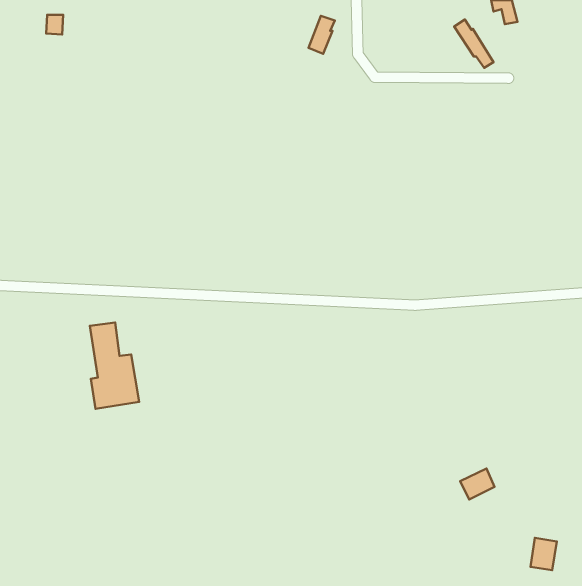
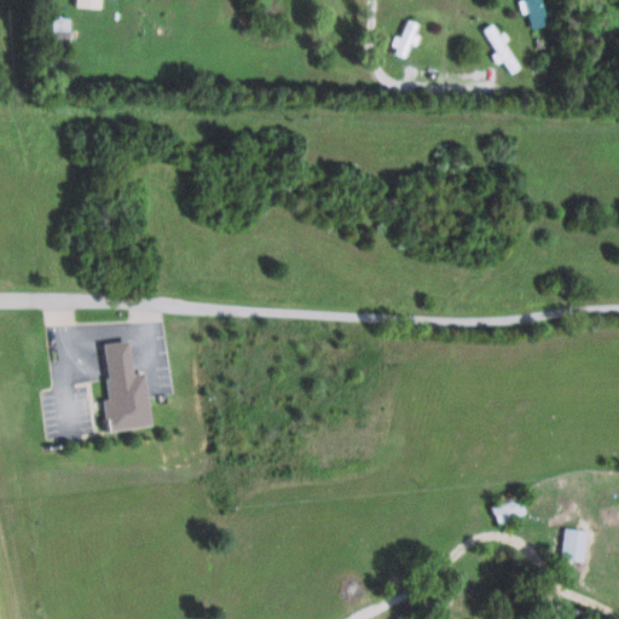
building: [308,16,335,54] -> [395,19,423,59]
building: [530,538,557,570] -> [560,528,588,562]

